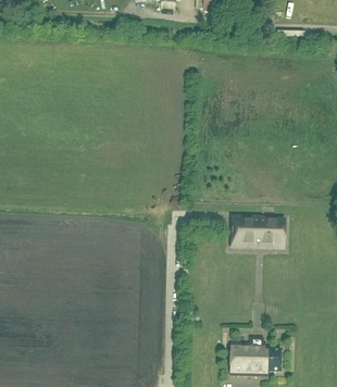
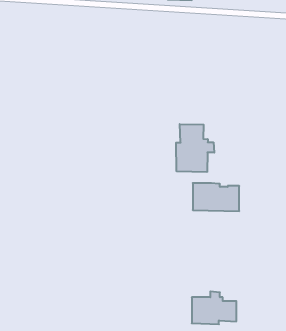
building: none -> [176,124,214,172]

